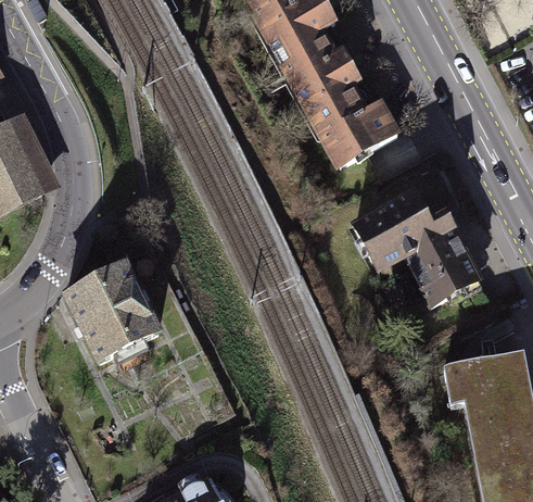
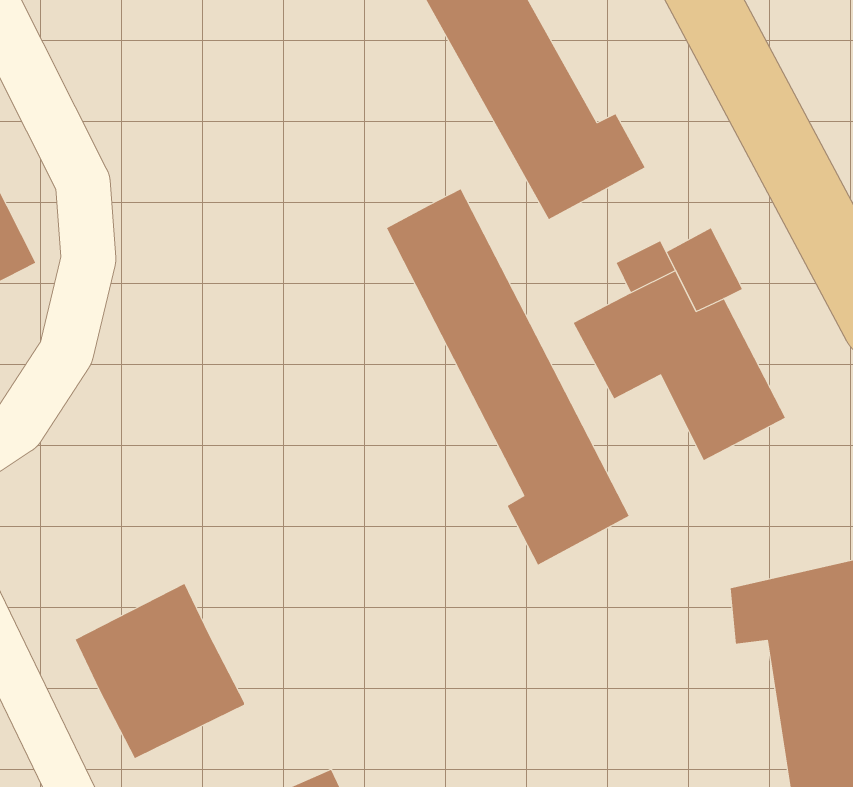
building: none -> [386,189,630,565]
building: [65,266,164,368] -> [75,583,245,759]

